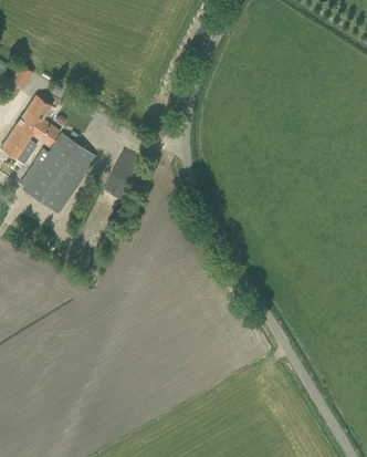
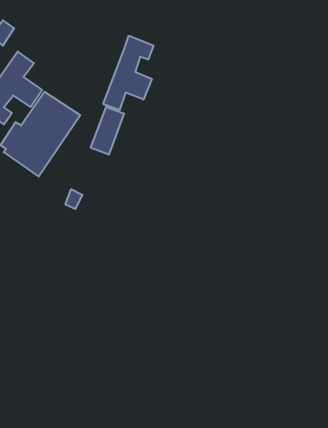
building: none -> [103,36,153,110]

